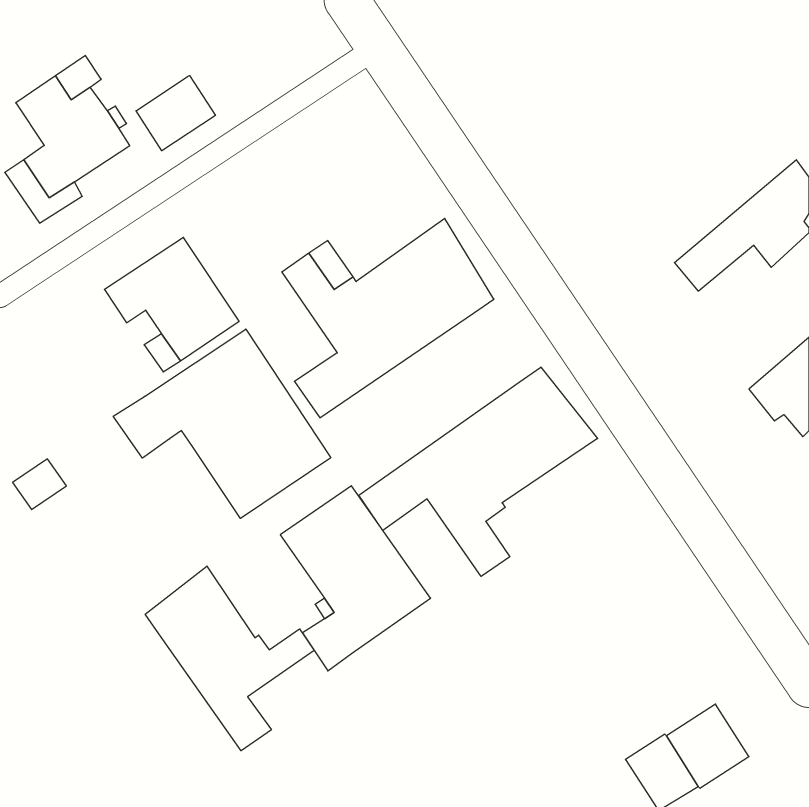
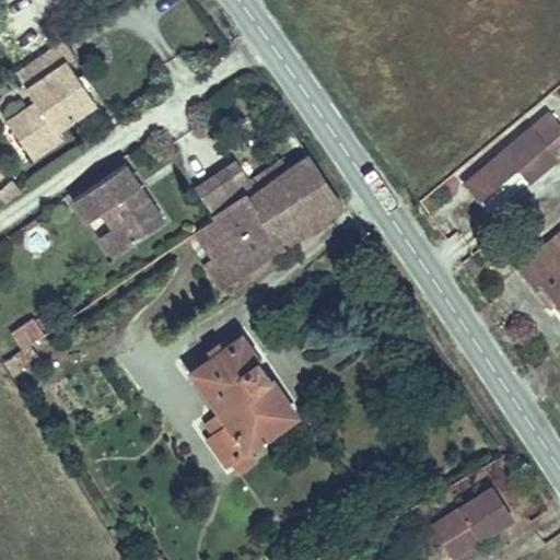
building: [136,76,215,151] -> none
building: [113,329,331,518] -> none
building: [359,367,598,576] -> none
building: [145,566,314,751] -> none

